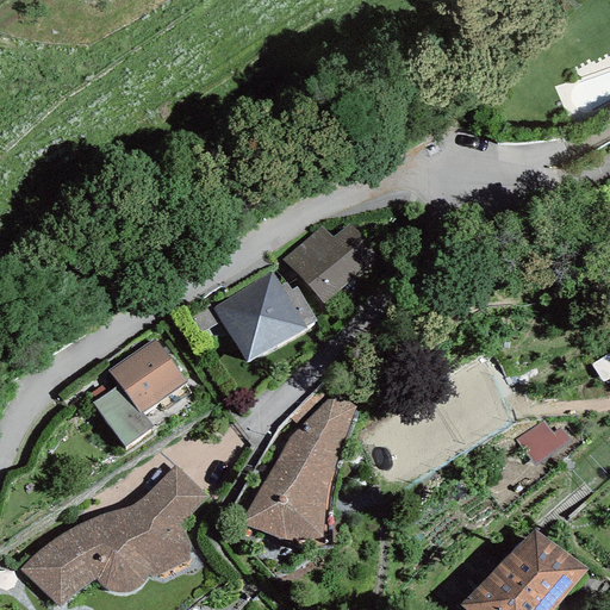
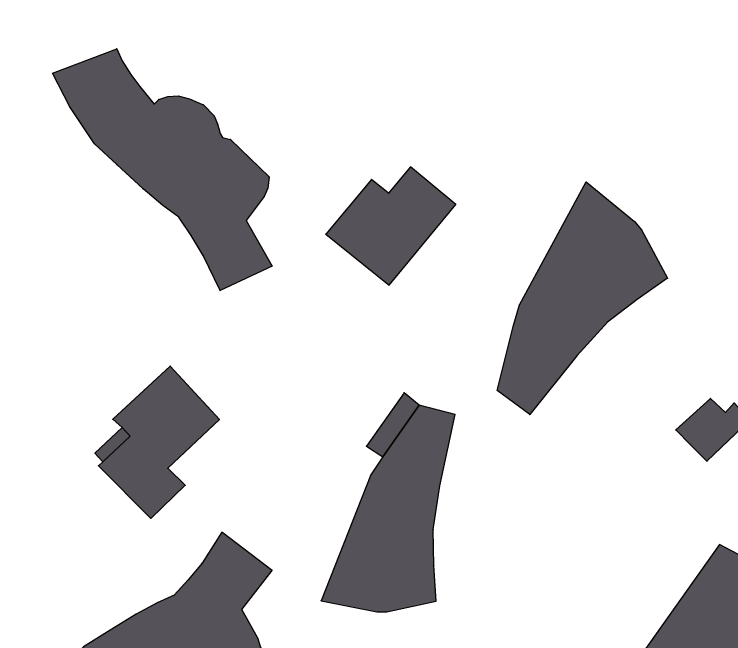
building: none -> [53,49,272,291]
building: none -> [497,182,668,415]
building: [213,270,317,363] -> none

